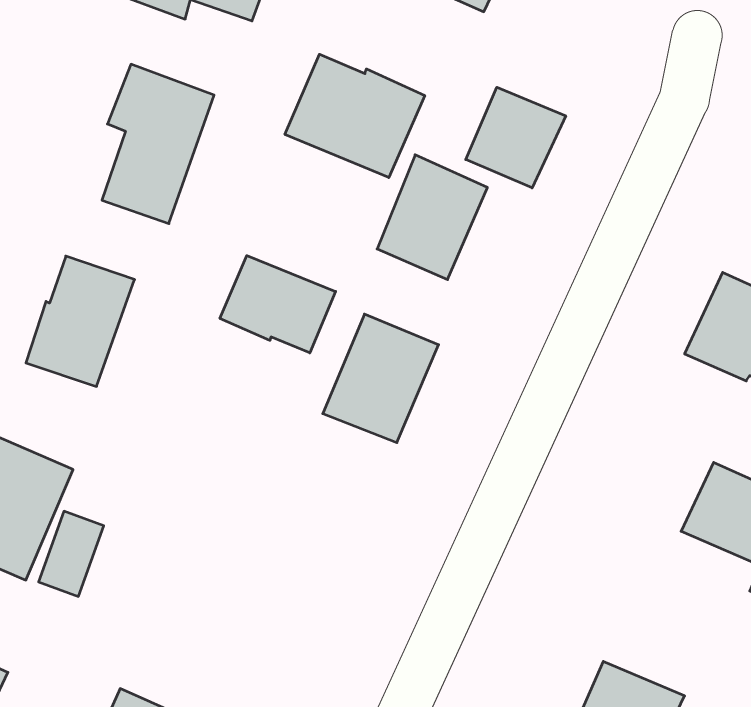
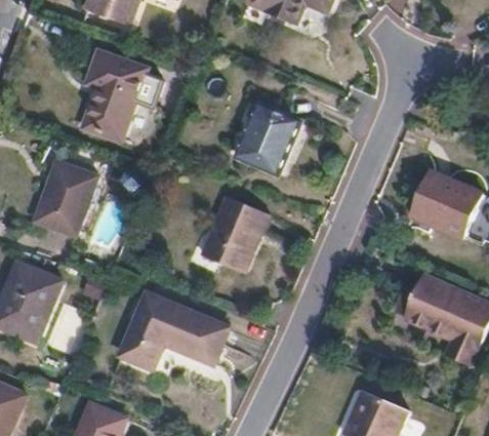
building: [285,54,425,178] -> none
building: [466,87,566,188] -> none
building: [220,256,336,353] -> none
building: none -> [122,291,229,367]

